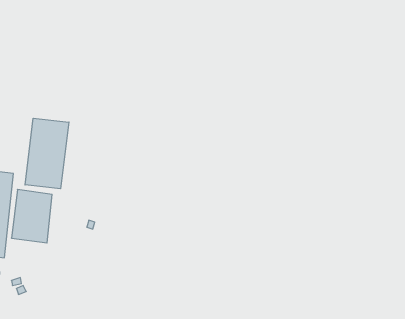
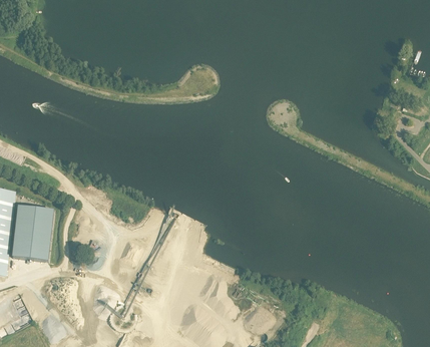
building: [25,118,69,189] -> none

